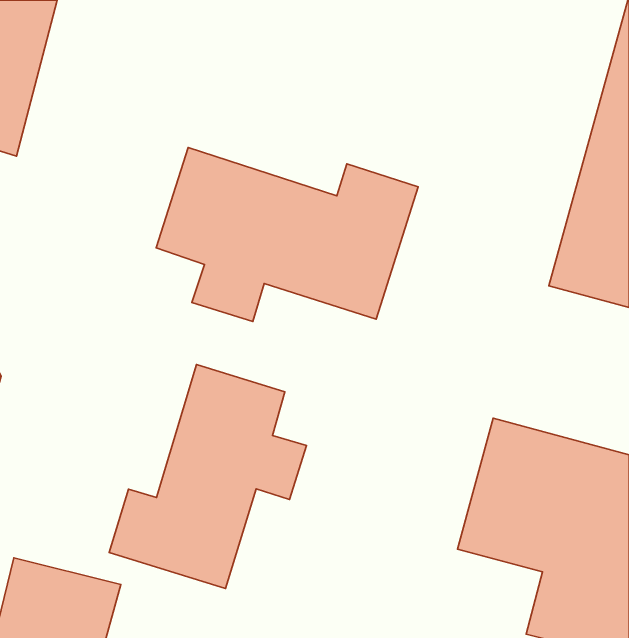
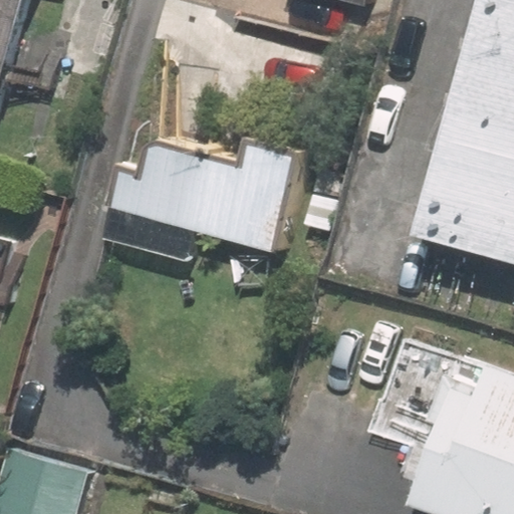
building: [109,365,306,588] -> none

